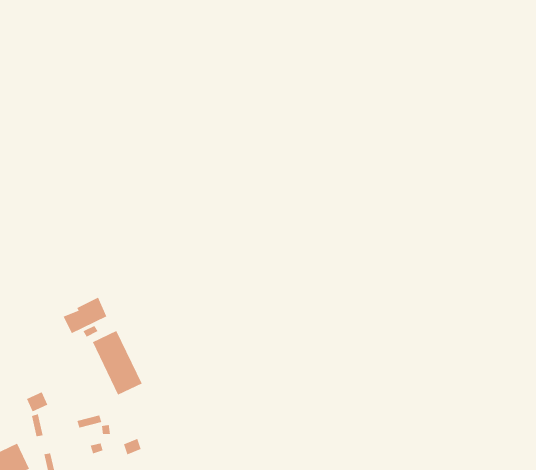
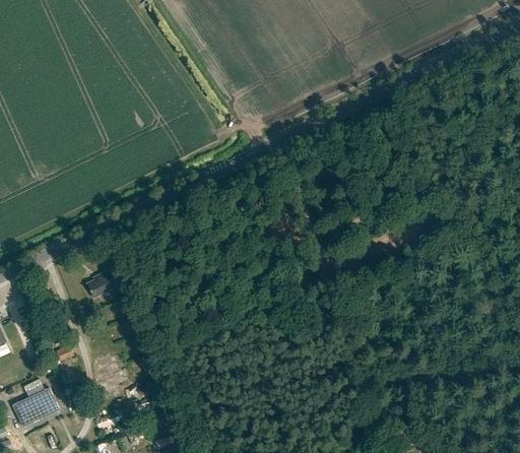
building: [92,330,142,395] -> none

